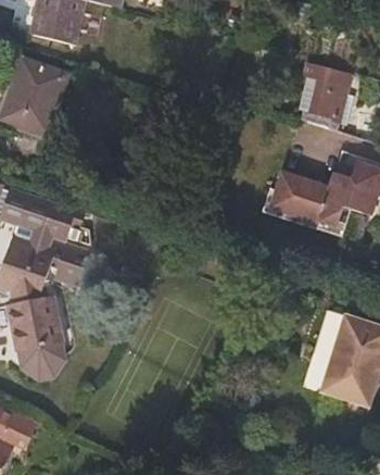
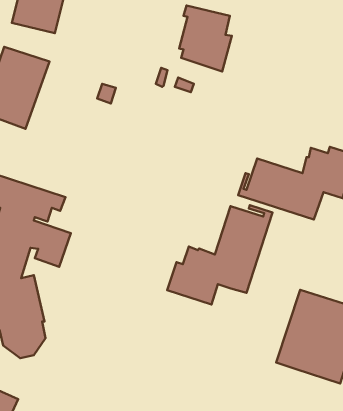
building: [299,63,353,132] -> [179,5,232,72]
building: none -> [167,205,273,305]

